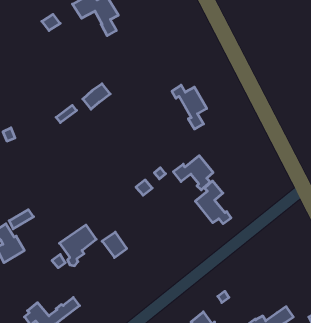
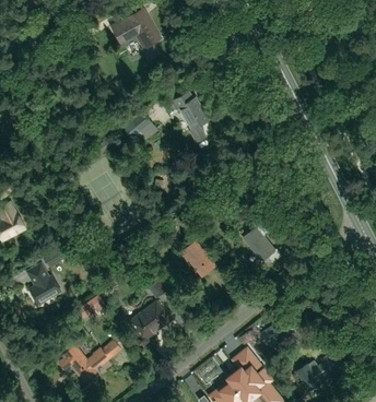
building: [172,85,207,129] -> [172,95,209,142]
building: [173,156,213,190] -> none
building: none -> [180,240,215,277]
building: [59,225,96,266] -> [128,302,167,345]

